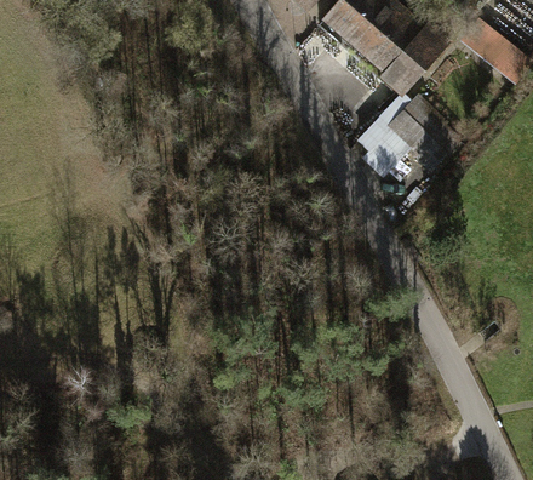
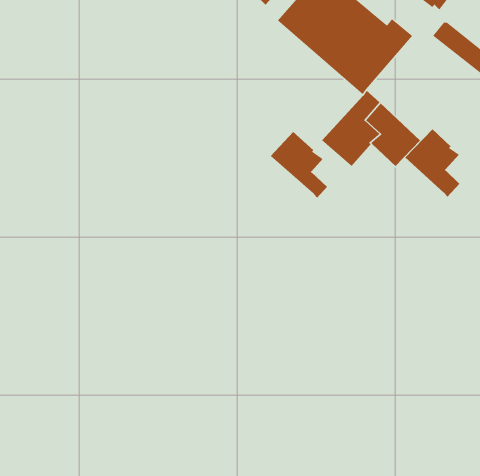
building: none -> [405,128,460,198]
building: none -> [270,131,328,199]

